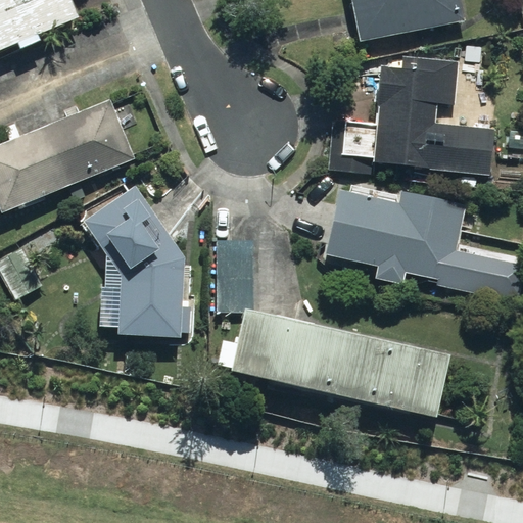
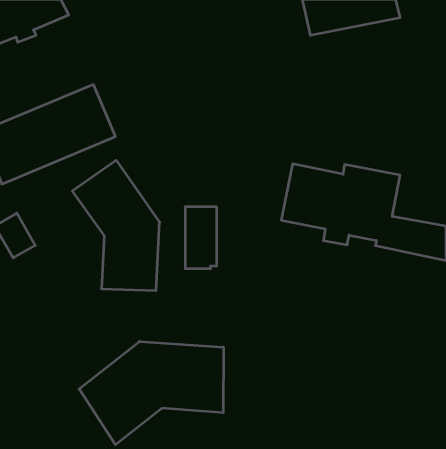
building: [326,56,492,174] -> none
building: [218,311,450,417] -> none
building: none -> [79,341,223,445]

